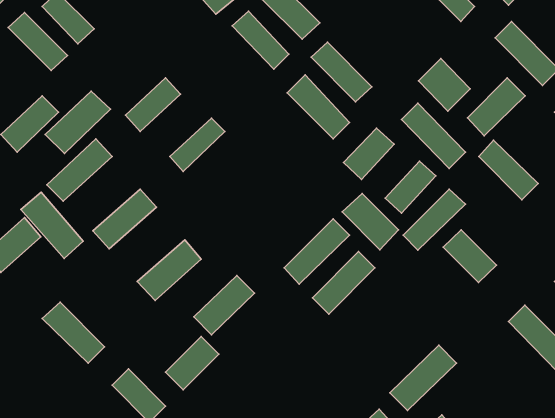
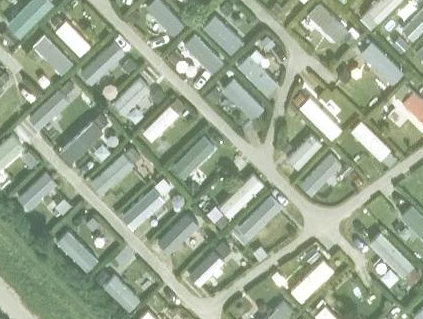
building: [418,59,470,111] -> none
building: [468,78,525,136] -> none
building: [45,91,110,154] -> [80,41,124,83]
building: [344,128,394,180] -> none
building: none -> [171,137,213,178]
building: [21,192,83,258] -> none
building: [342,193,399,250] -> none
building: [443,230,496,283] -> none
building: [165,336,219,390] -> [187,251,223,287]

